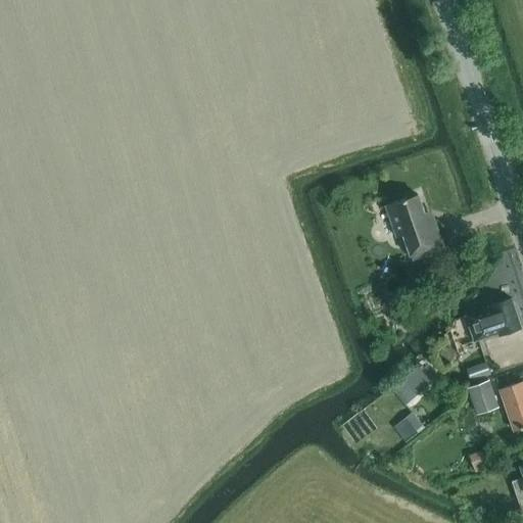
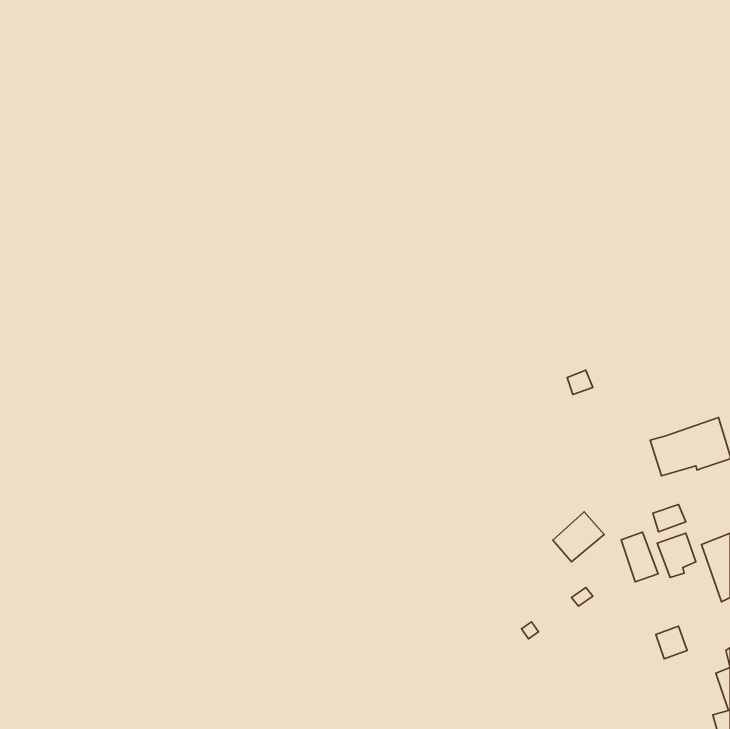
building: [386,195,444,260] -> none
building: none -> [621,532,658,582]

